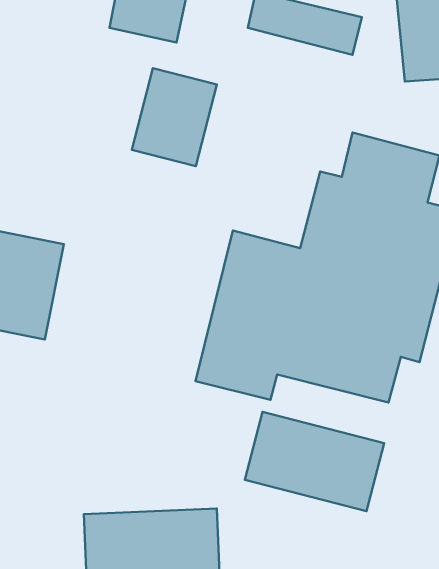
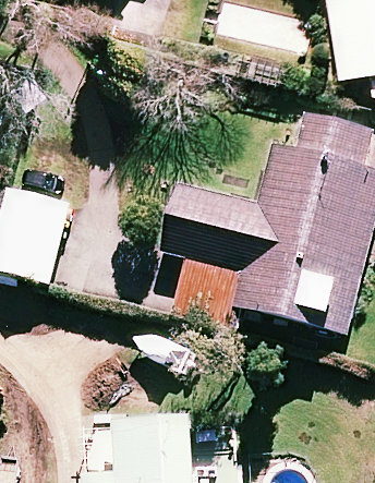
building: [132,68,217,166] -> none
building: [245,412,384,511] -> none

